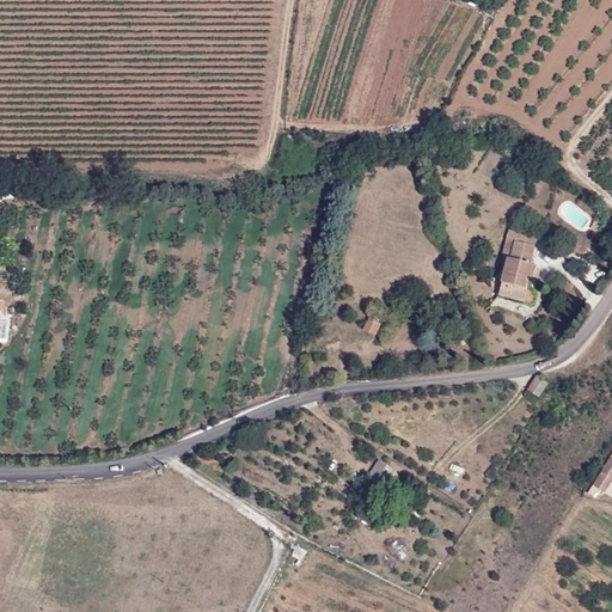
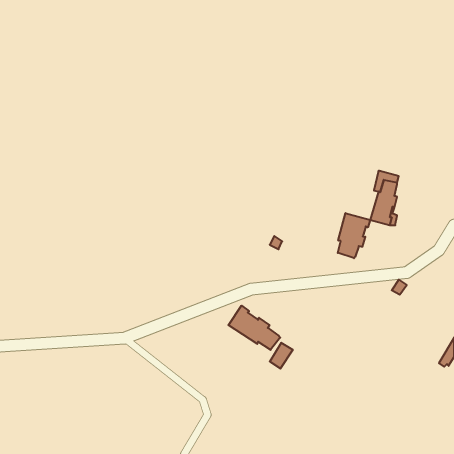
building: none -> [338,213,370,258]
building: none -> [228,306,280,350]

